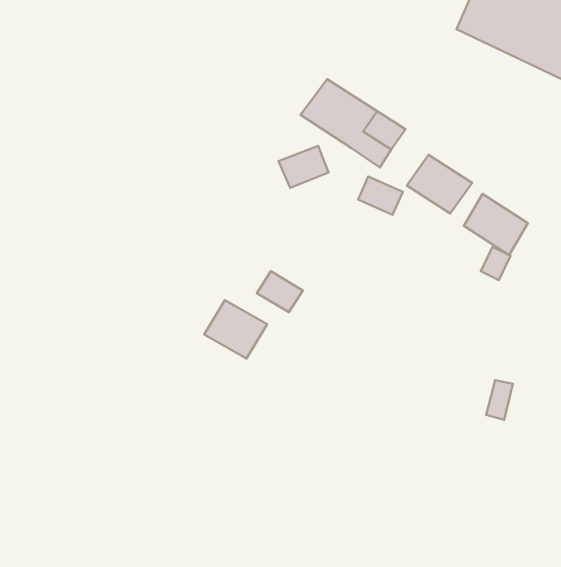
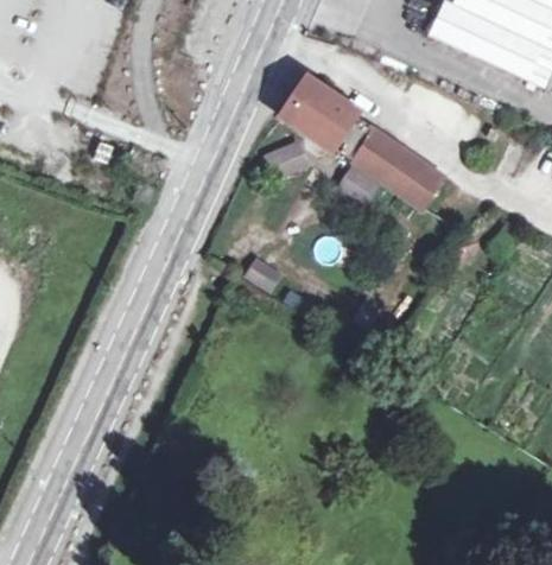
building: none -> [357,133,402,178]
building: [464,194,528,255] -> none
building: [204,300,267,359] -> none

